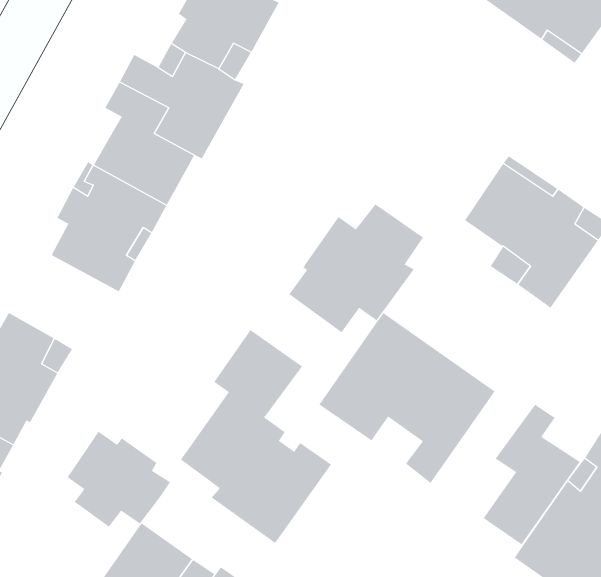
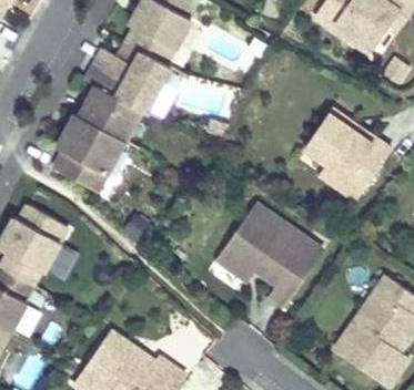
building: [288,203,424,333] -> none
building: [180,329,332,544] -> none
building: [483,404,580,545] -> none
building: [67,431,171,527] -> none

